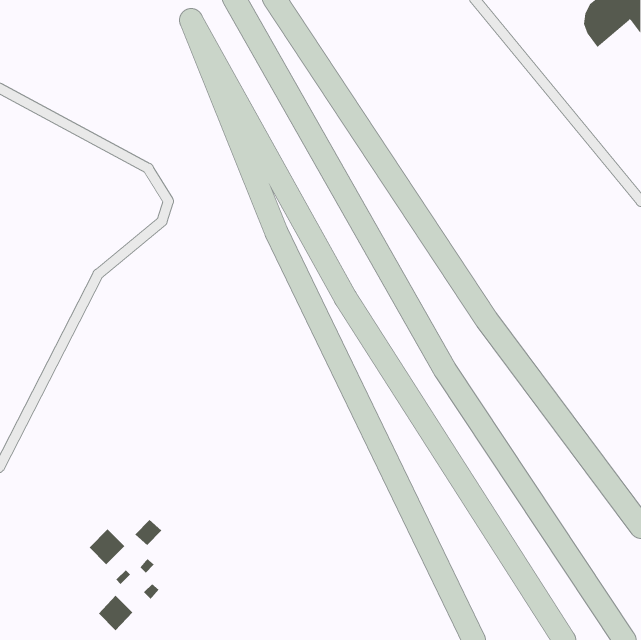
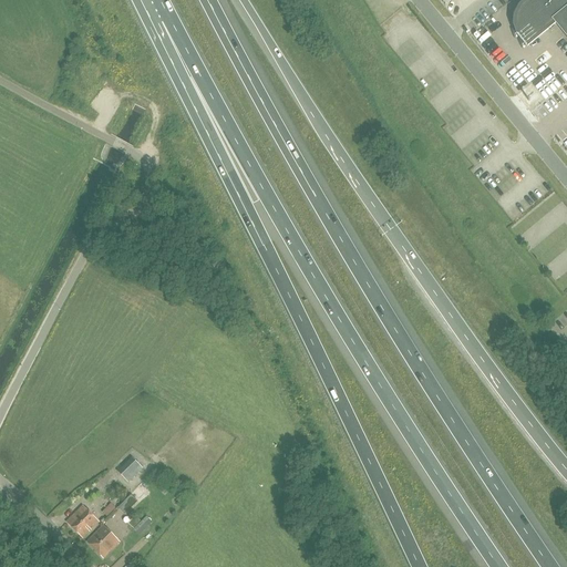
building: [89,529,125,565] -> [65,504,97,536]

